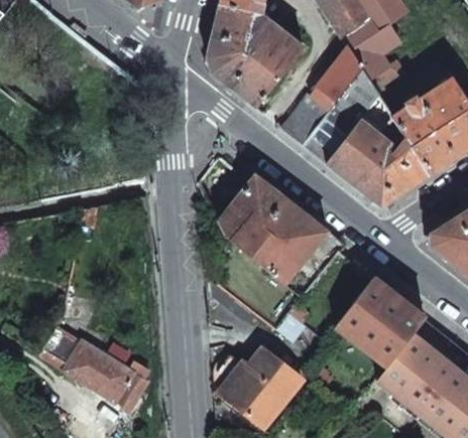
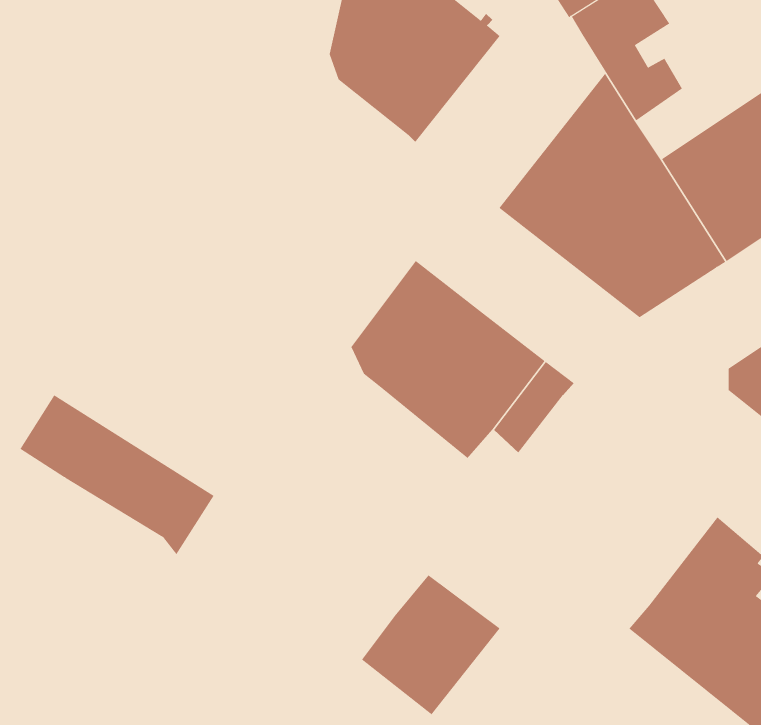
building: [280,47,361,144] -> none
building: [335,277,424,366] -> none
building: [39,324,148,414] -> [19,395,214,555]

